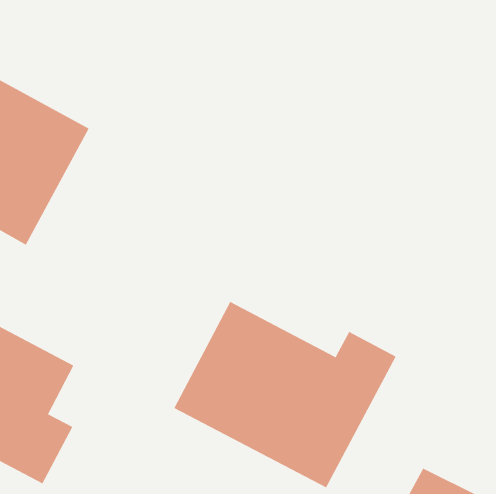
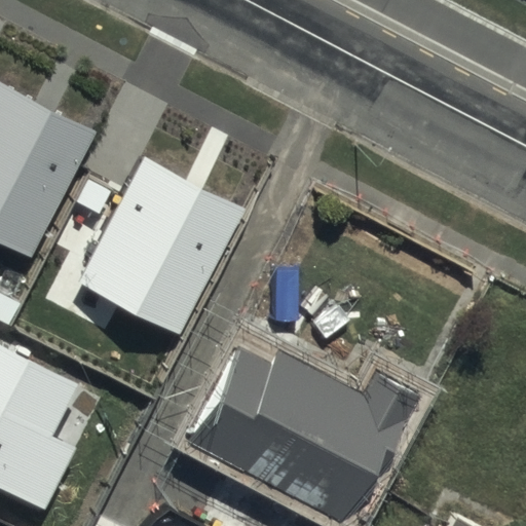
building: none -> [75,162,246,342]

